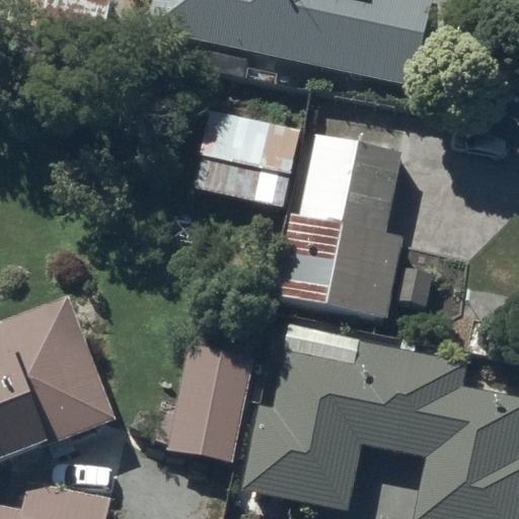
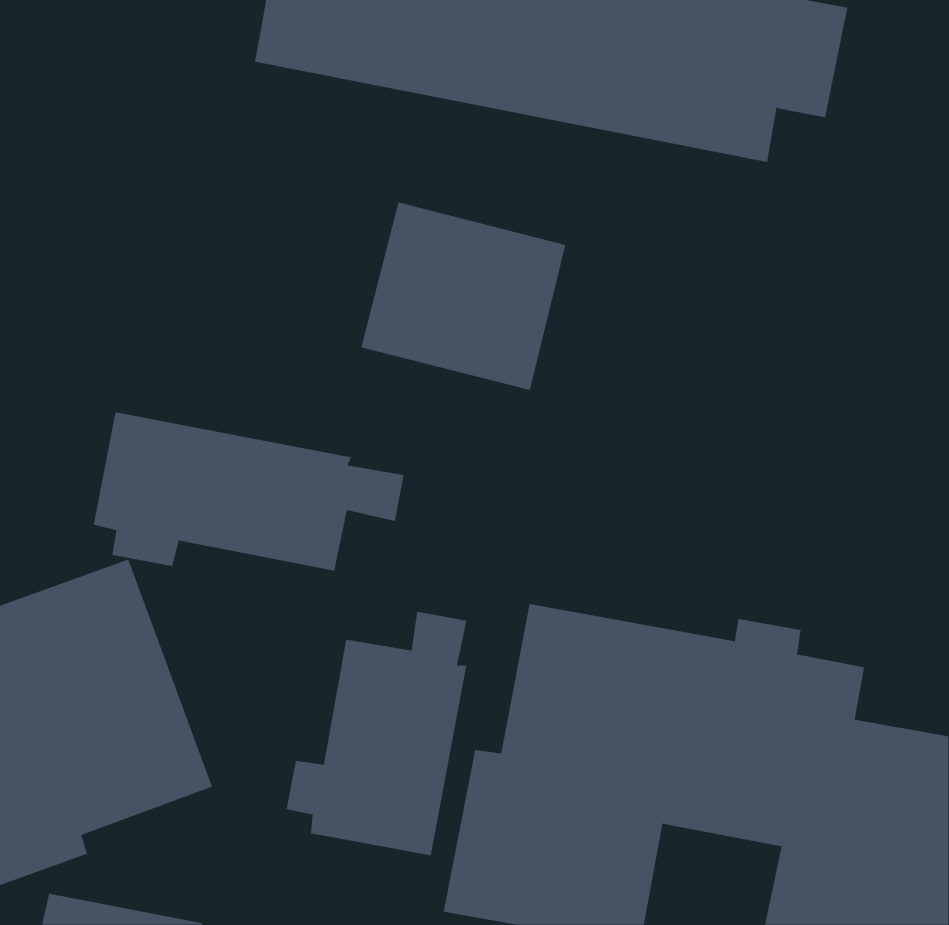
building: [273,131,430,316] -> none
building: none -> [93,412,404,572]

